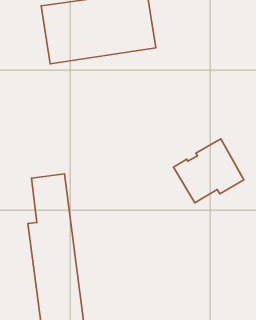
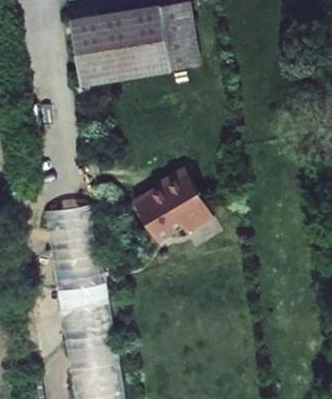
building: [174,139,244,203] -> [132,169,211,241]

